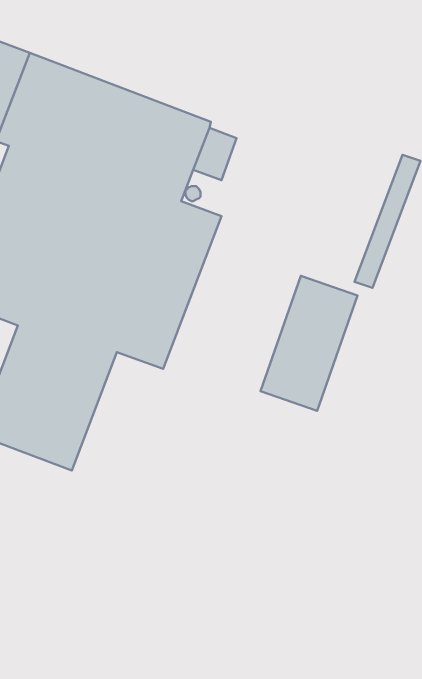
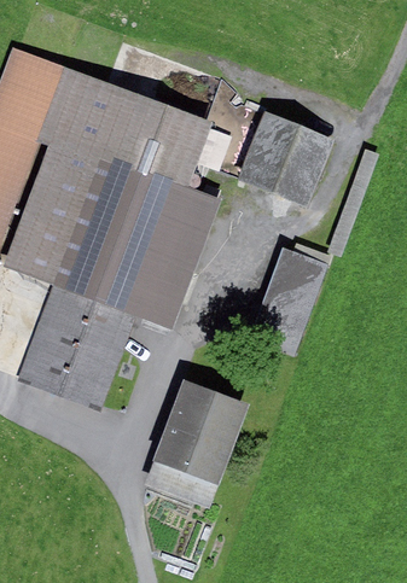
building: none -> [238,112,333,205]
building: none -> [144,378,250,508]

